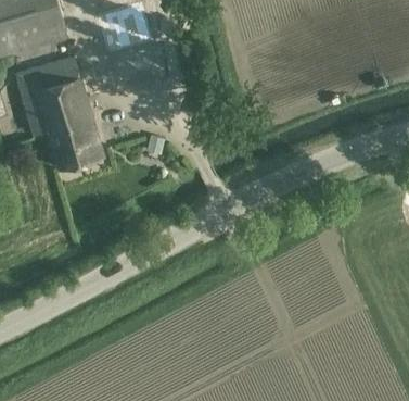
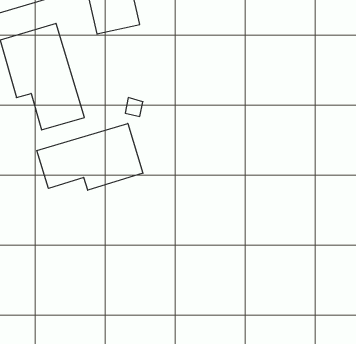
building: none -> [37,123,143,190]

